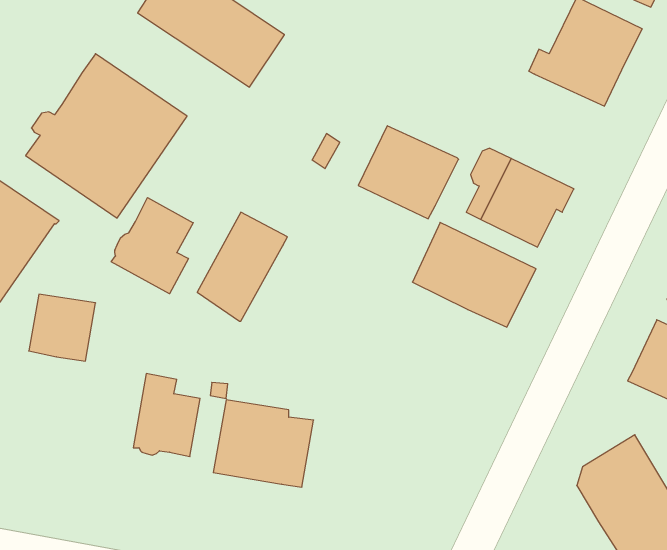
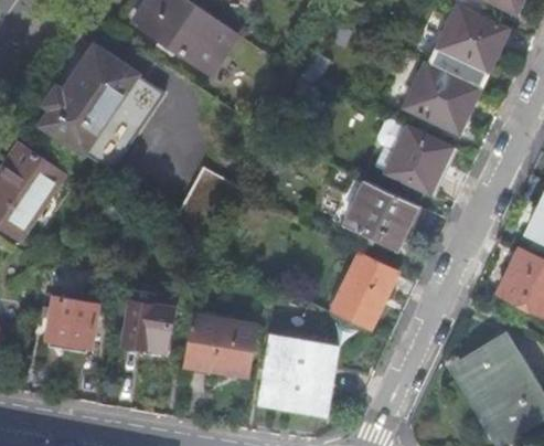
building: [358,126,459,219] -> [404,63,480,134]
building: [111,198,193,294] -> none
building: [29,294,96,361] -> [45,298,96,349]
building: none -> [331,252,398,331]
building: none -> [258,333,339,416]

